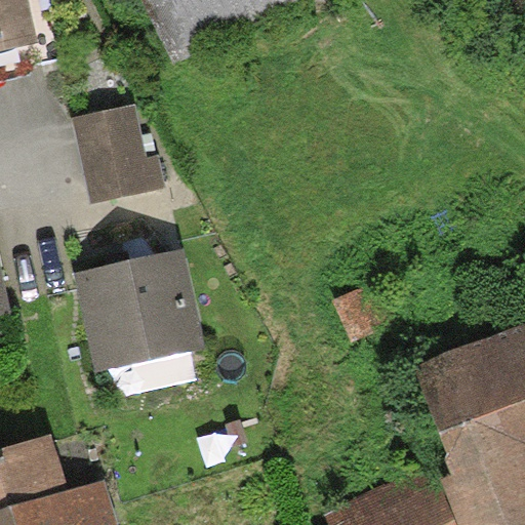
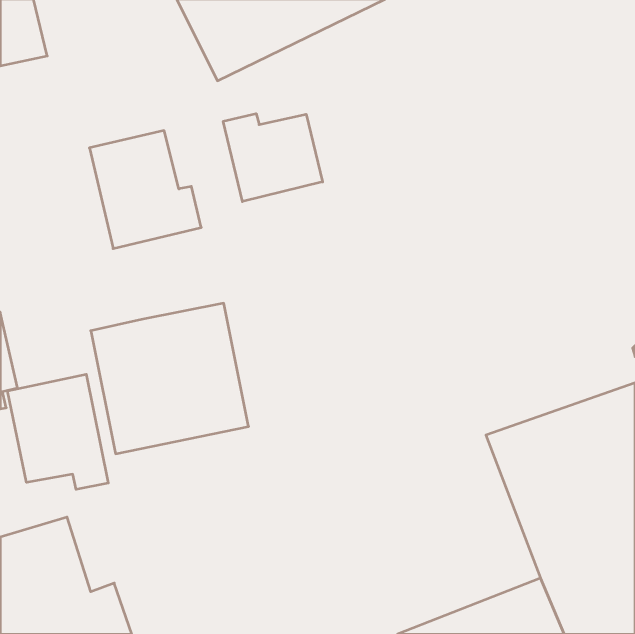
building: none -> [223,114,323,202]
building: none -> [8,374,108,489]

